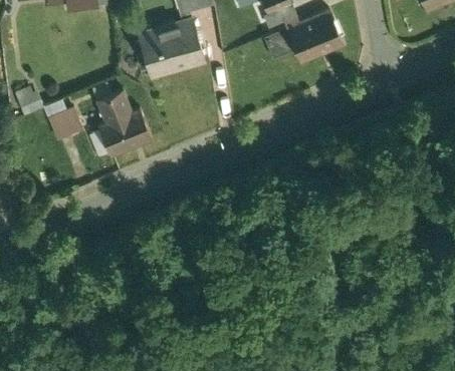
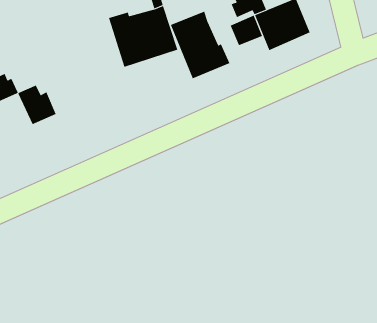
building: none -> [170,11,230,79]
building: [94,86,153,156] -> none

